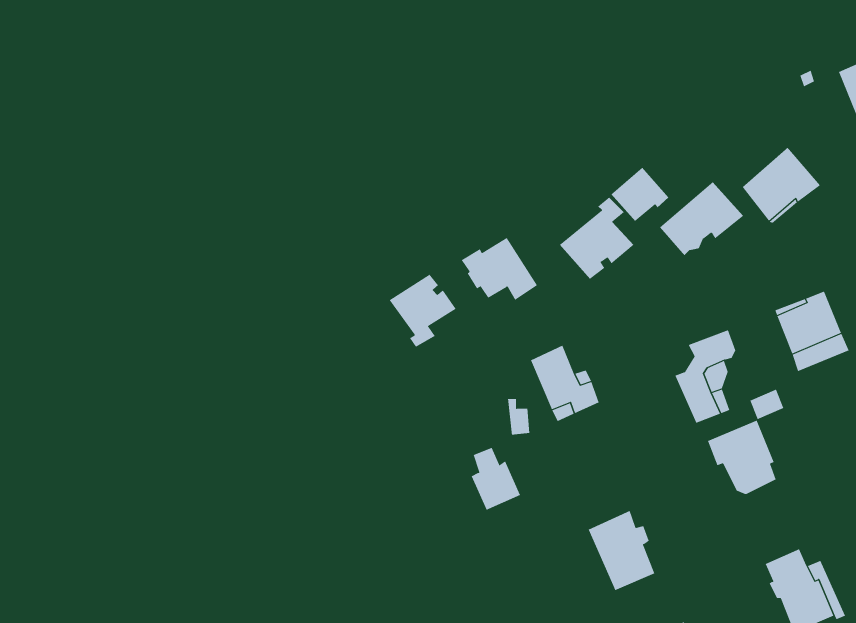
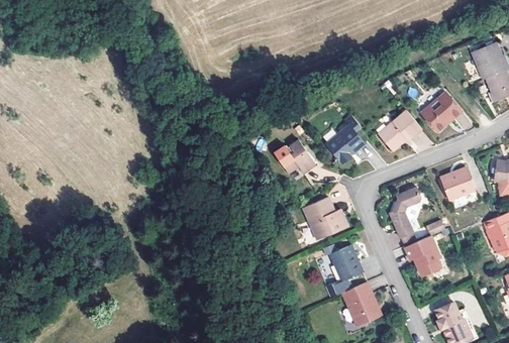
building: [610,167,669,222] -> none
building: [389,274,456,347] -> none
building: [471,447,521,511] -> [336,246,363,279]

